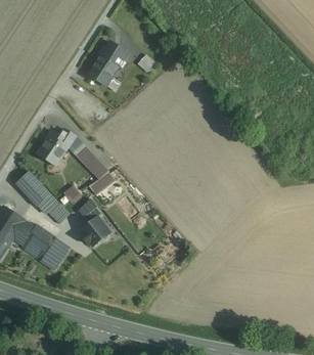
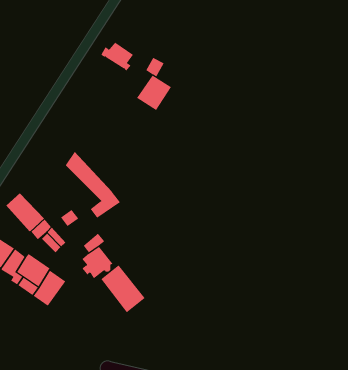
building: [88,54,119,85] -> [136,75,172,111]
building: [37,128,76,164] -> none
building: none -> [100,264,145,313]

